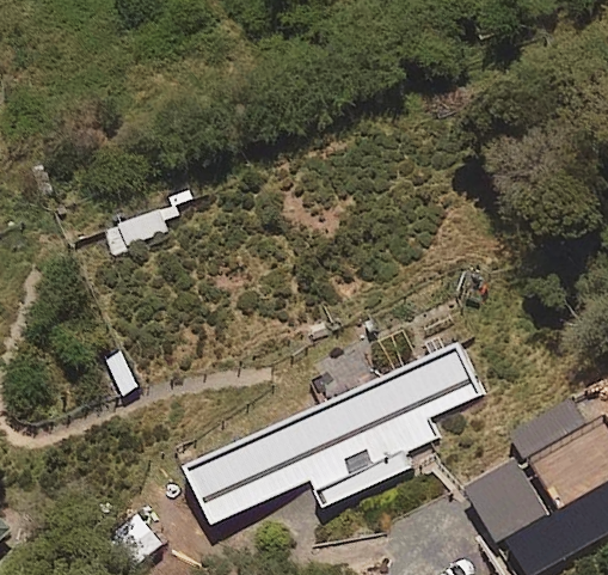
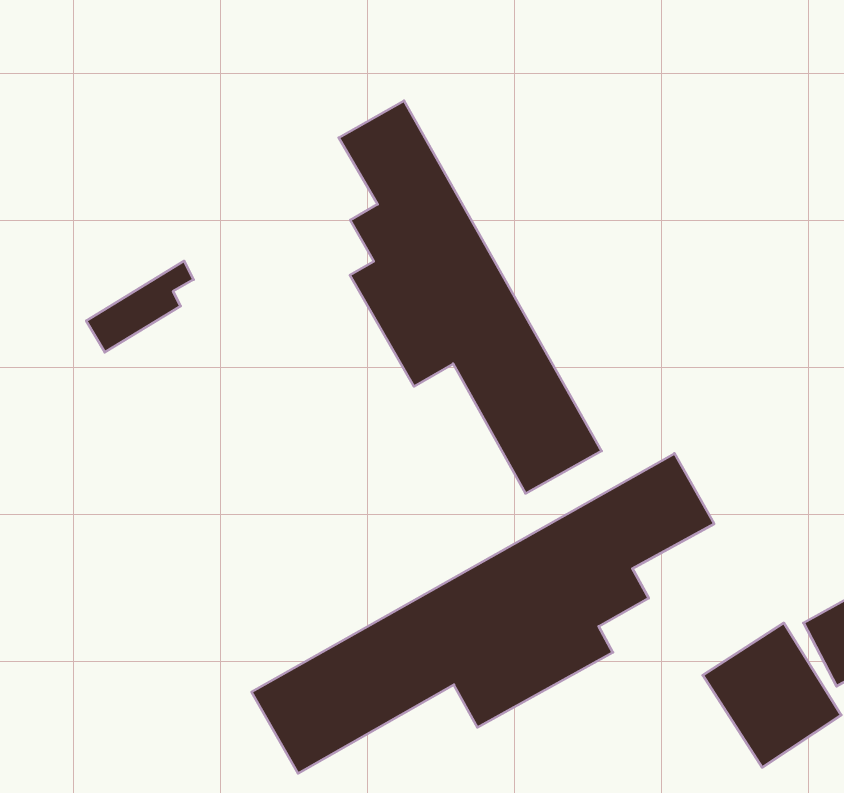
building: none -> [339,101,602,493]

